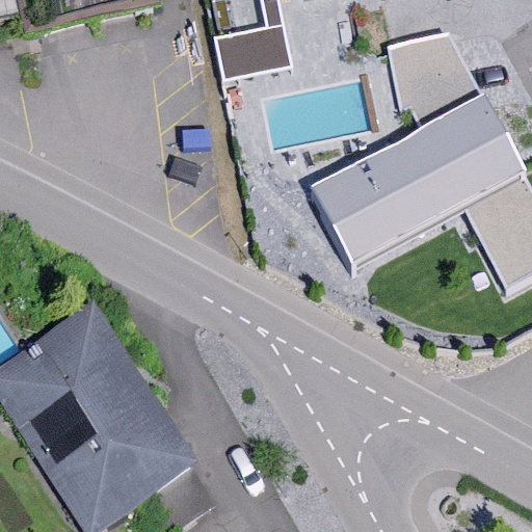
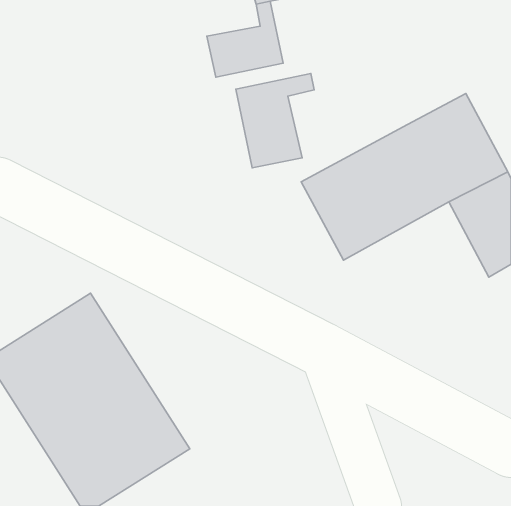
building: [390,34,482,129] -> none
building: none -> [236,73,314,168]

